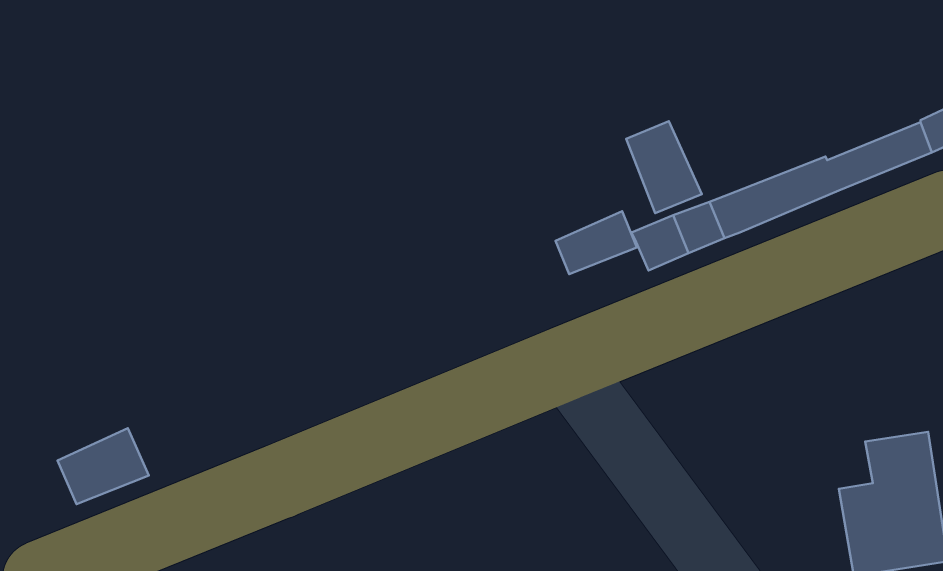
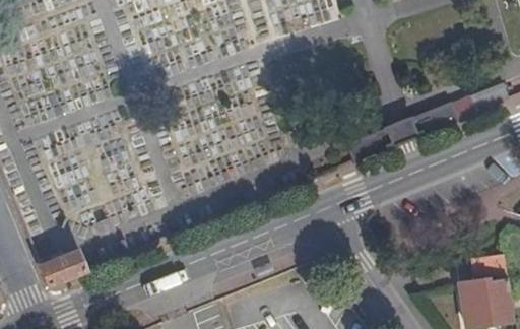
building: [626,121,702,213] -> none
building: [555,211,637,274] -> none

